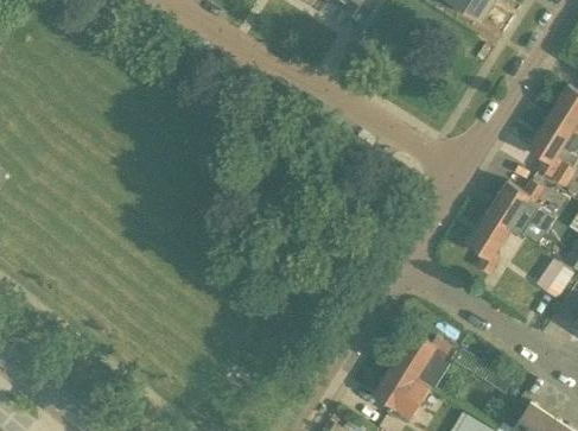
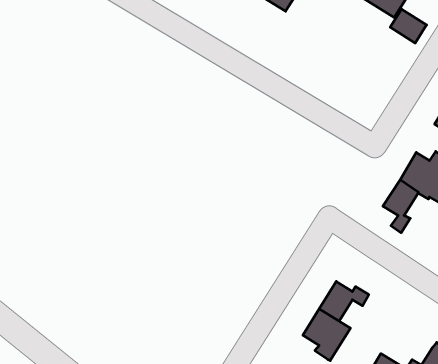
building: none -> [390,9,427,43]

